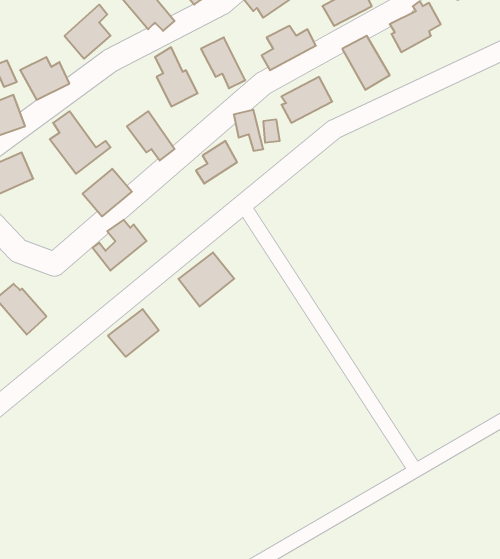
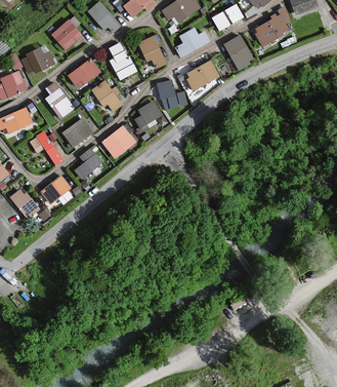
building: none -> [67,59,101,89]
building: none -> [31,133,64,166]
building: [178,252,234,307] -> [101,126,136,160]
building: [108,309,159,357] -> [40,177,72,206]

